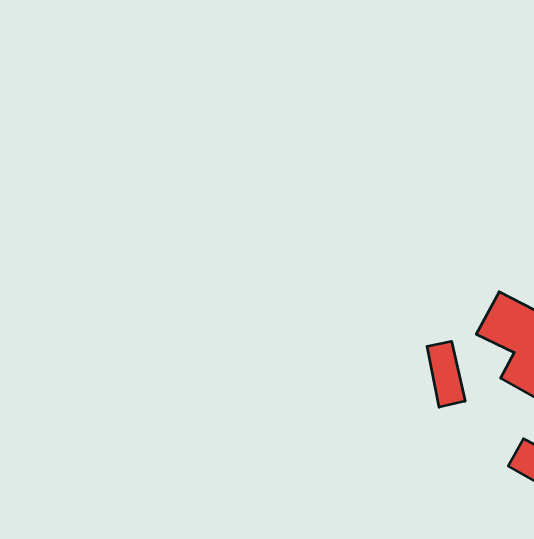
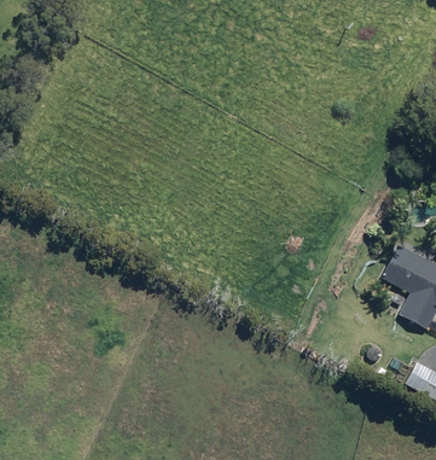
building: [427,341,465,407] -> none

